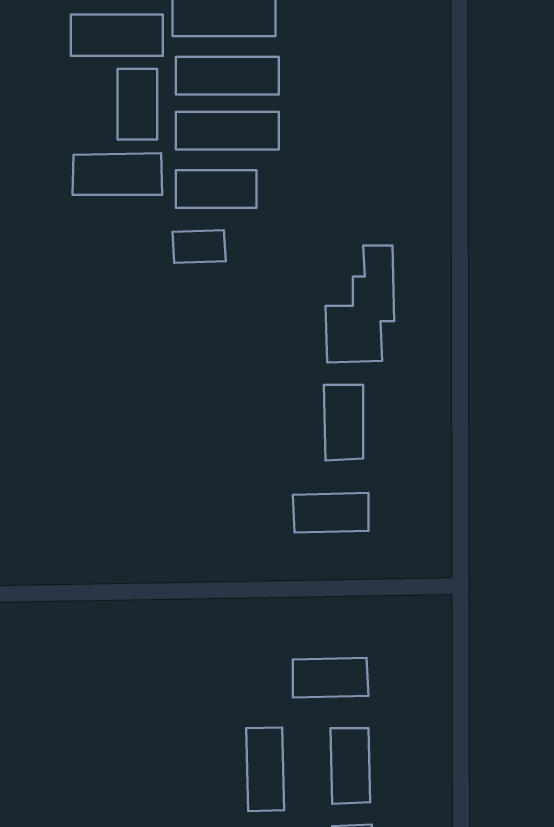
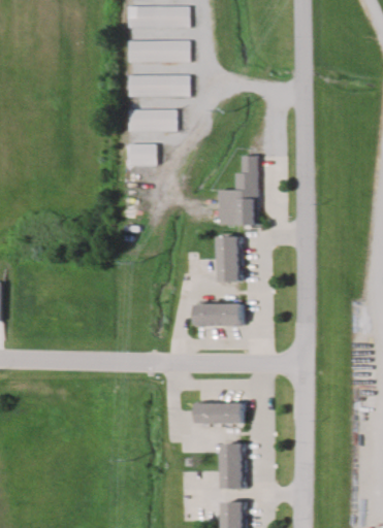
building: [71,14,163,56] -> none
building: [117,69,157,140] -> none
building: [73,153,162,195] -> none
building: [246,727,284,811] -> none

